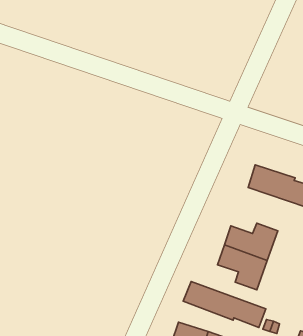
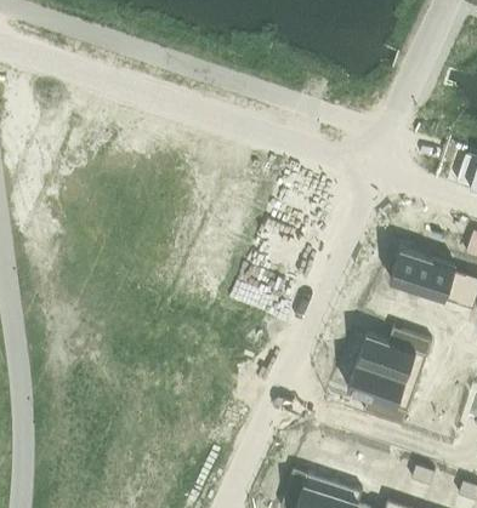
building: [183,281,266,327] -> none

